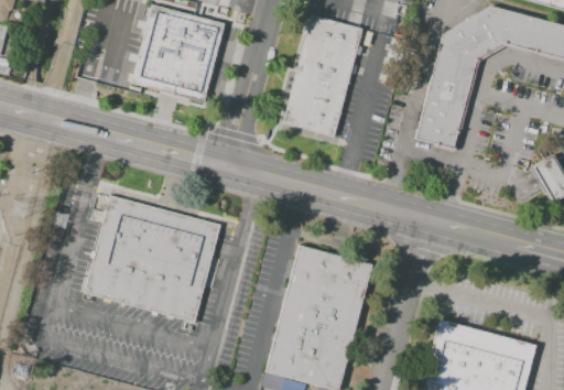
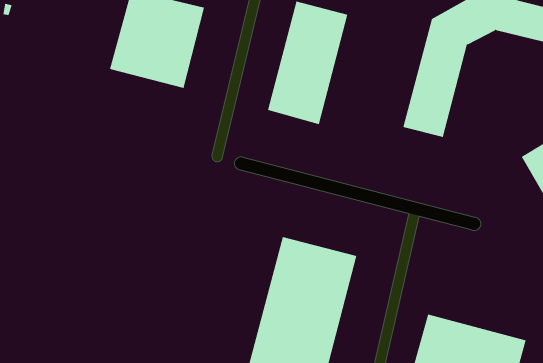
building: [86,195,220,322] -> none

